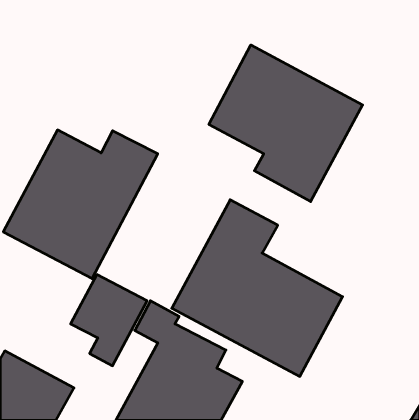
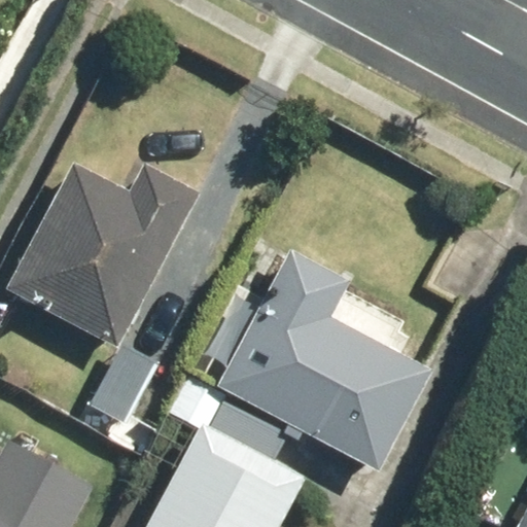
building: [209,45,363,202] -> none

